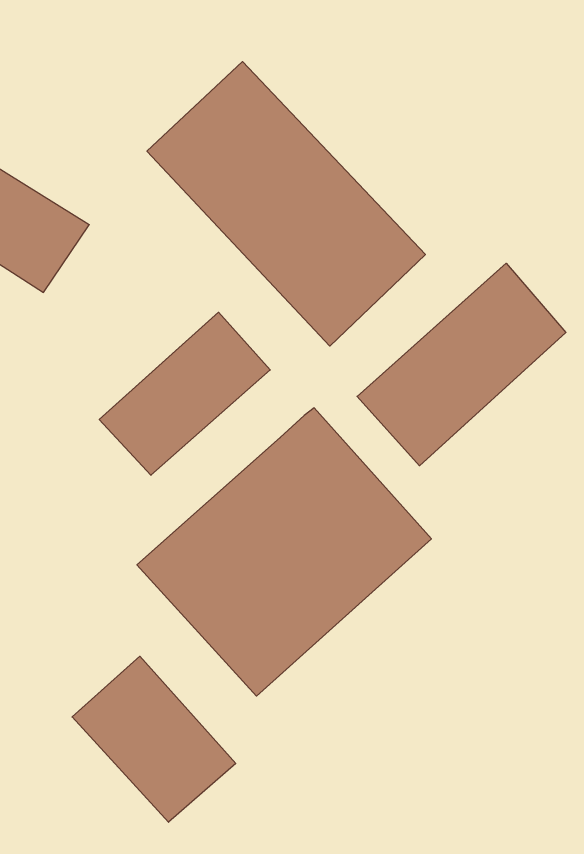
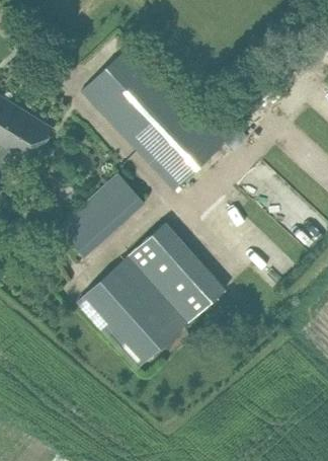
building: [357,263,566,466] -> none
building: [72,656,236,822] -> none

